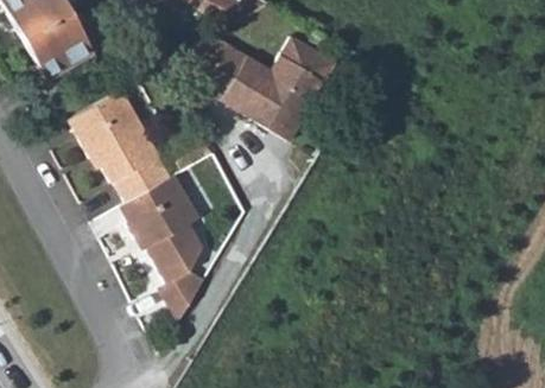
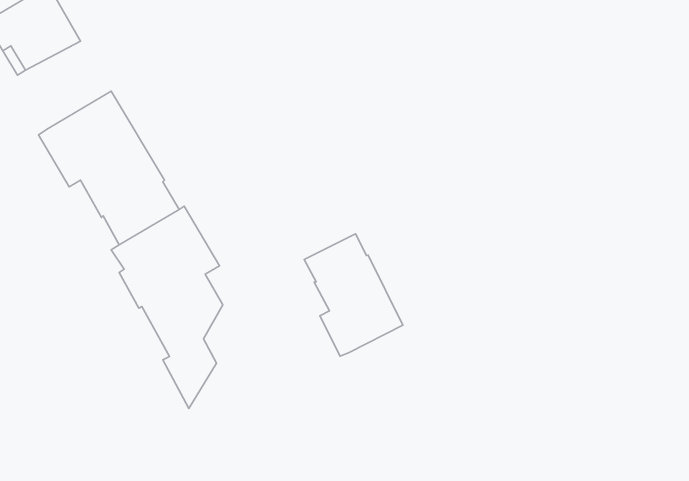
building: [185,34,334,139] -> none
building: none -> [304,234,403,356]

